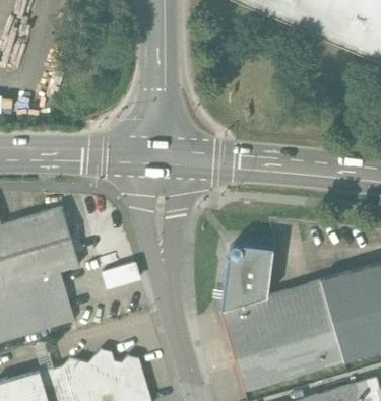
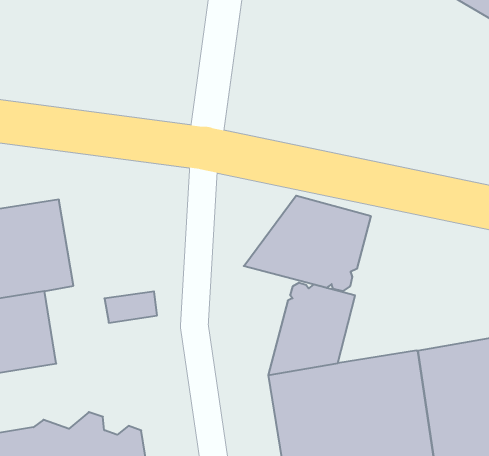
building: none -> [244,196,371,291]

